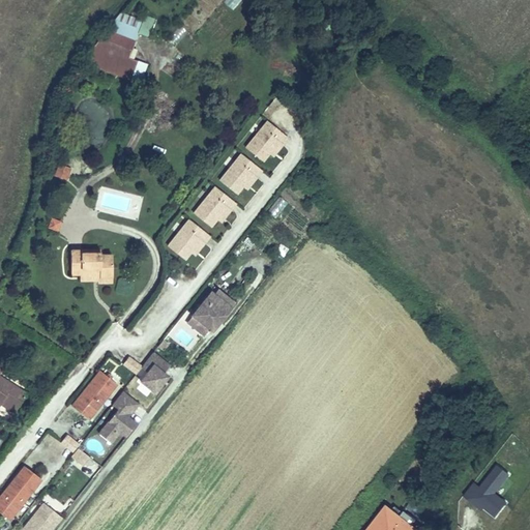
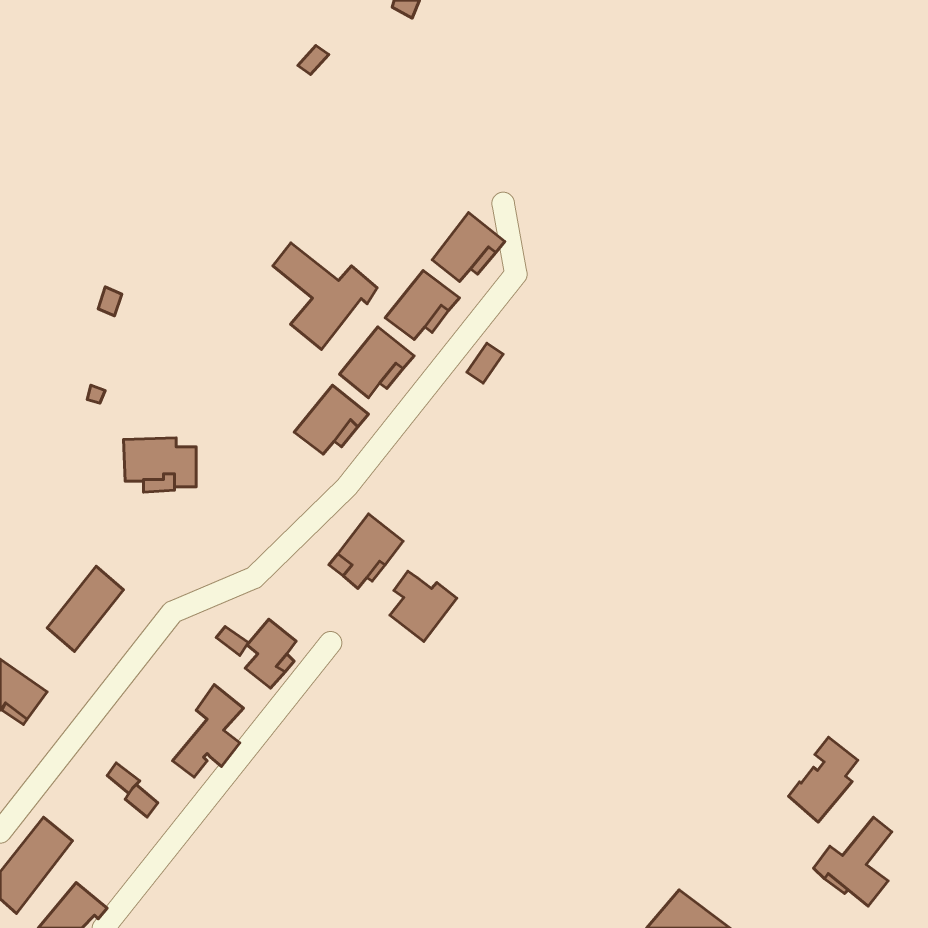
building: [82,21,139,79] -> none
building: none -> [273,243,377,349]
building: none -> [390,571,457,641]
building: [72,371,116,419] -> [47,566,124,652]
building: none -> [788,737,858,822]

